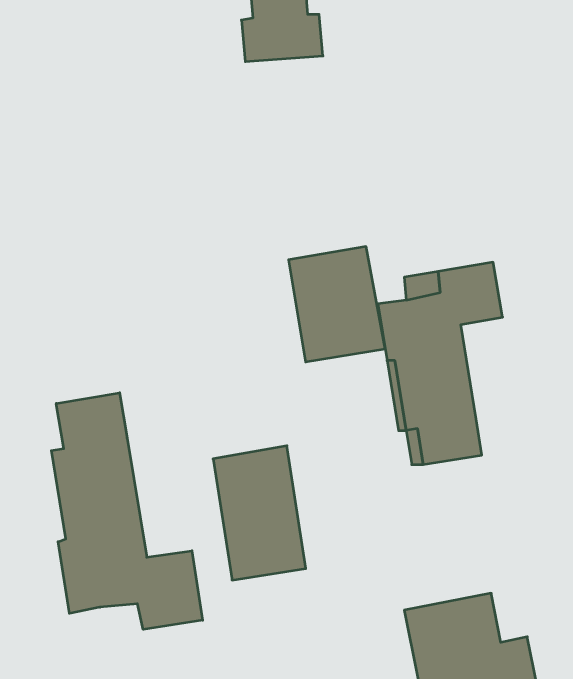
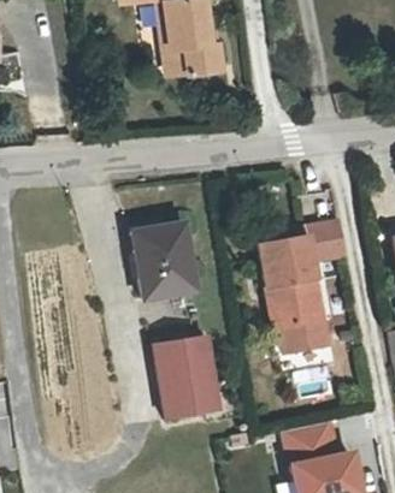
building: [289,247,385,362] -> [125,218,187,291]
building: [51,393,203,629] -> none

